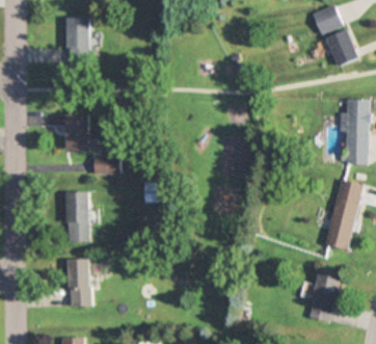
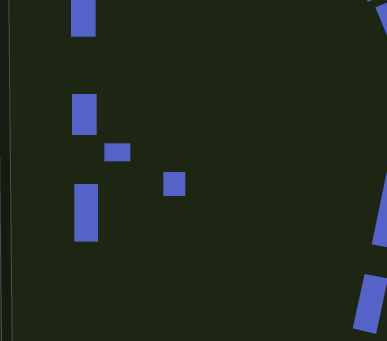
building: [71,259,92,307] -> none

